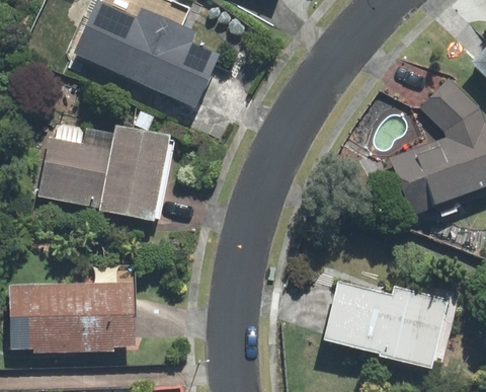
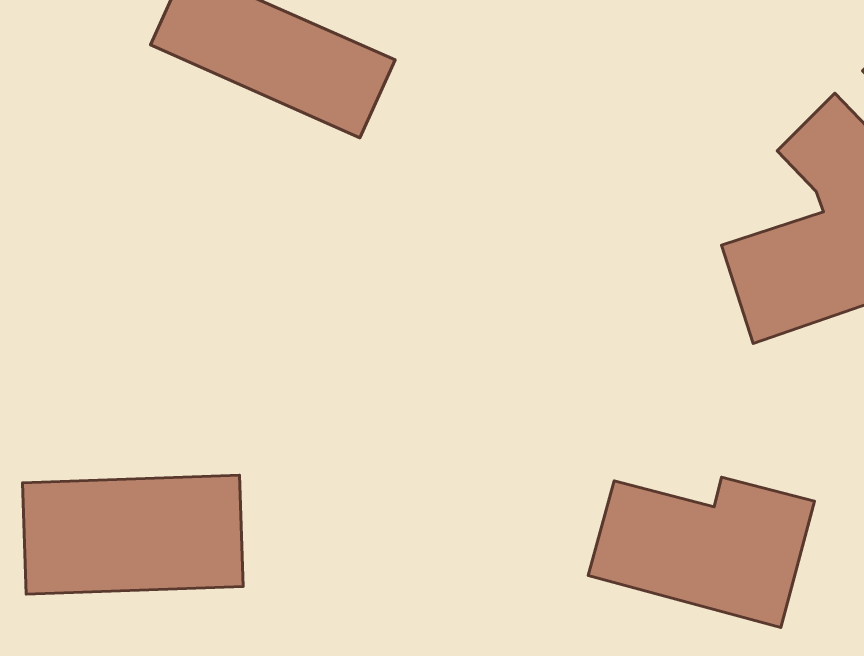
building: [43,130,166,220] -> none

